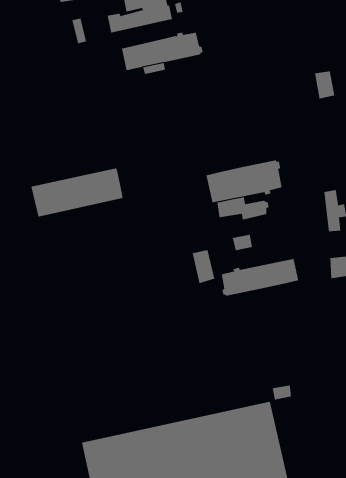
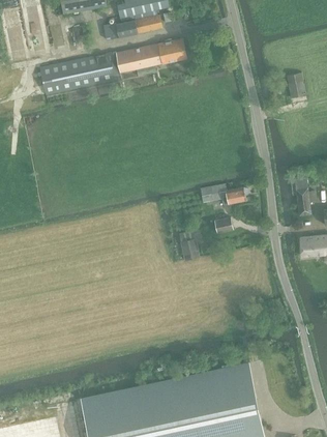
building: [206,159,282,203] -> none
building: [31,168,124,217] -> [39,51,121,94]
building: [221,258,299,297] -> none

